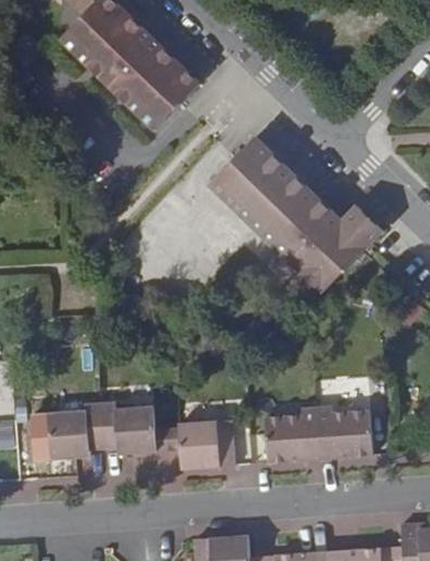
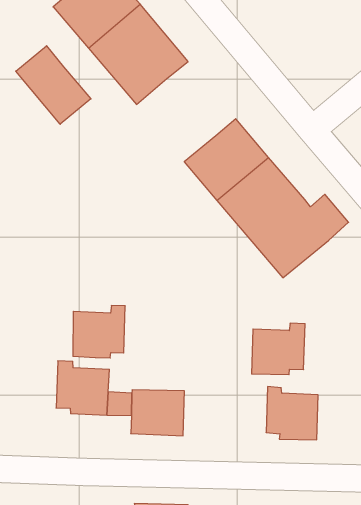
building: none -> [16,46,91,124]
building: [46,402,102,459] -> [73,306,125,358]
building: [263,407,319,463] -> [252,323,305,375]

